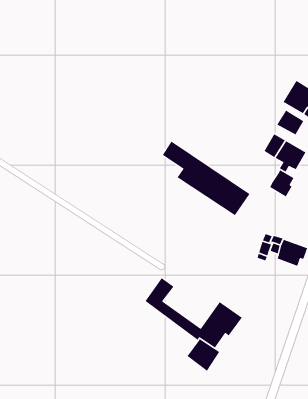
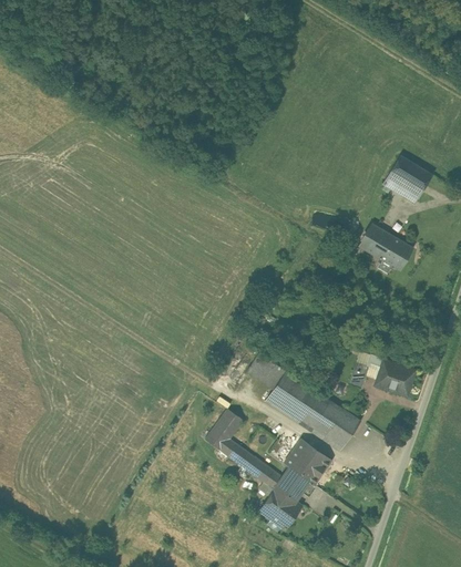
building: [276,110,304,136] -> none
building: [162,141,251,216] -> [246,353,360,451]
building: [269,169,295,197] -> none

